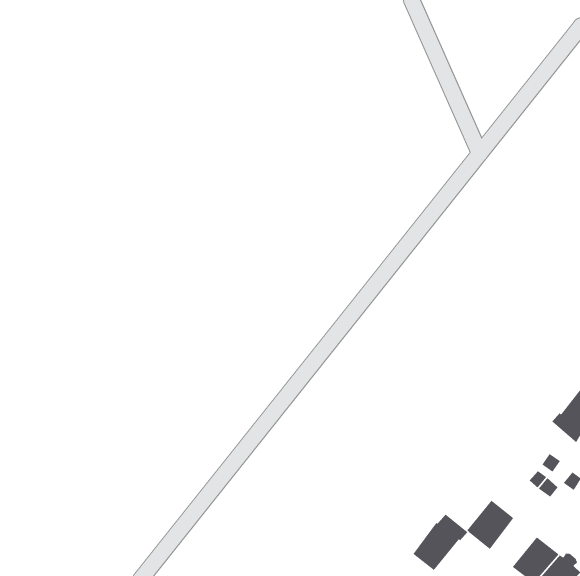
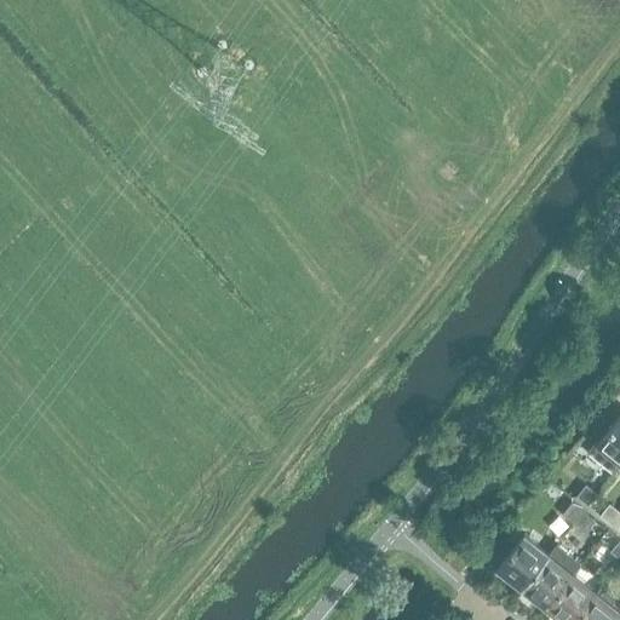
building: [412,514,468,571] -> [523,549,582,609]

